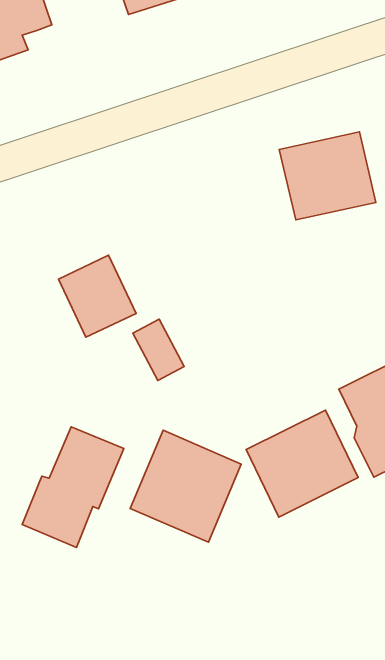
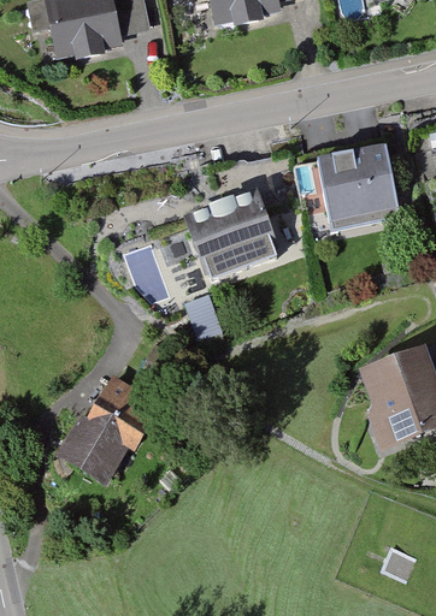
building: none -> [189,190,281,274]
building: [246,410,358,517] -> none
building: [130,430,241,542] -> none

